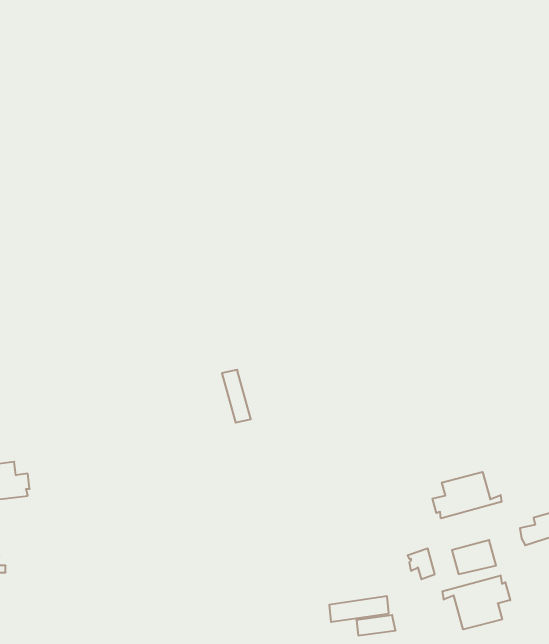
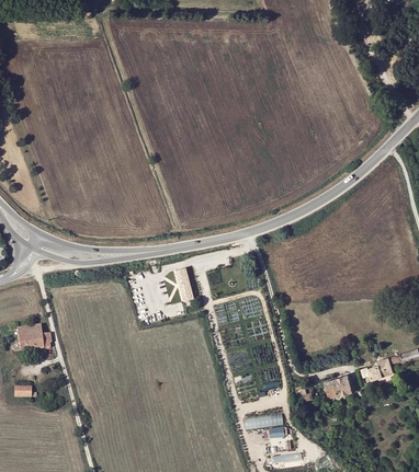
building: [432,472,501,518] -> none
building: [442,575,510,629] -> none

